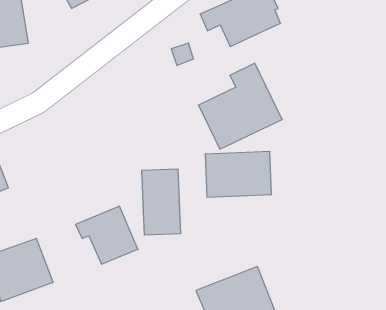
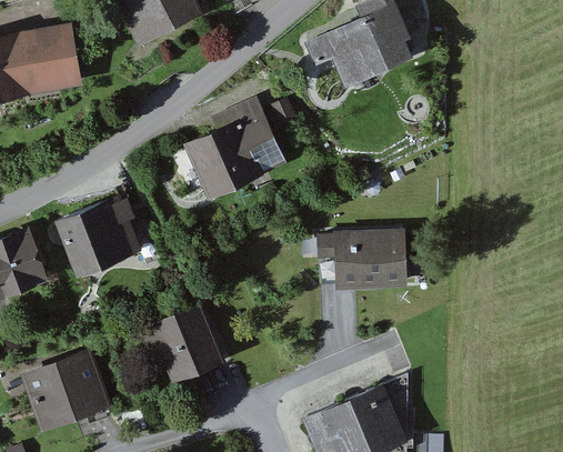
building: [198,63,282,149] -> [184,90,296,205]
building: none -> [53,193,144,278]
building: [142,169,180,235] -> none

